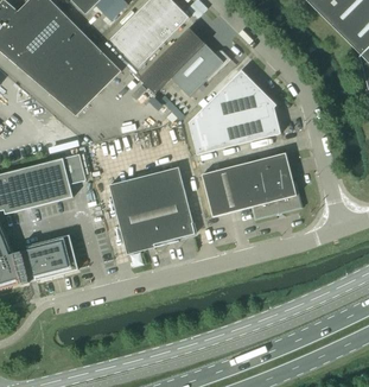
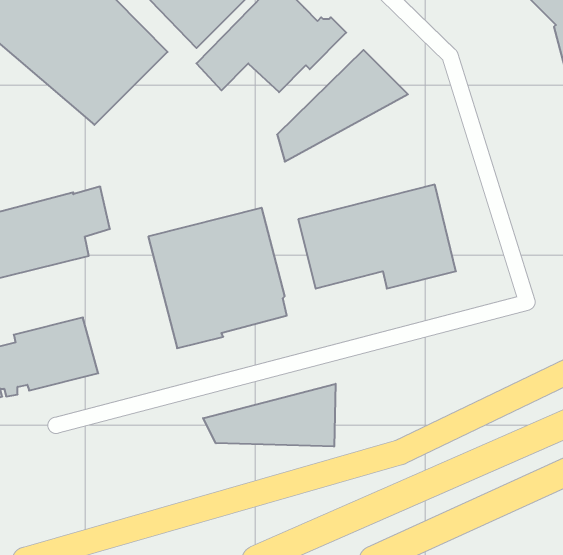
building: [193,96,281,153] -> none
building: none -> [203,384,336,447]

